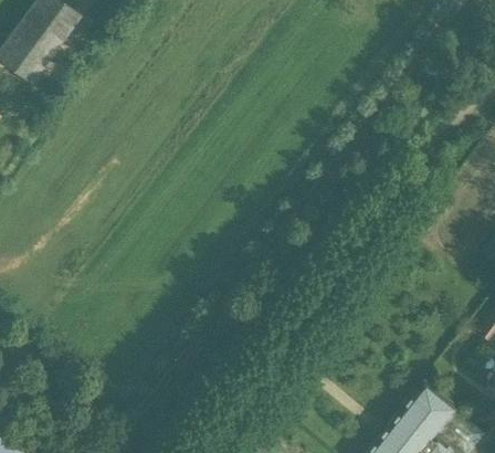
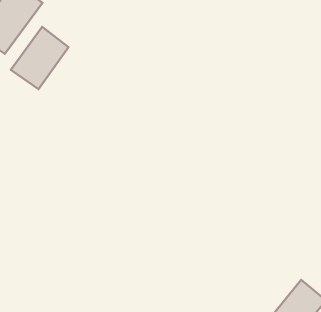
building: none -> [11,27,69,89]

